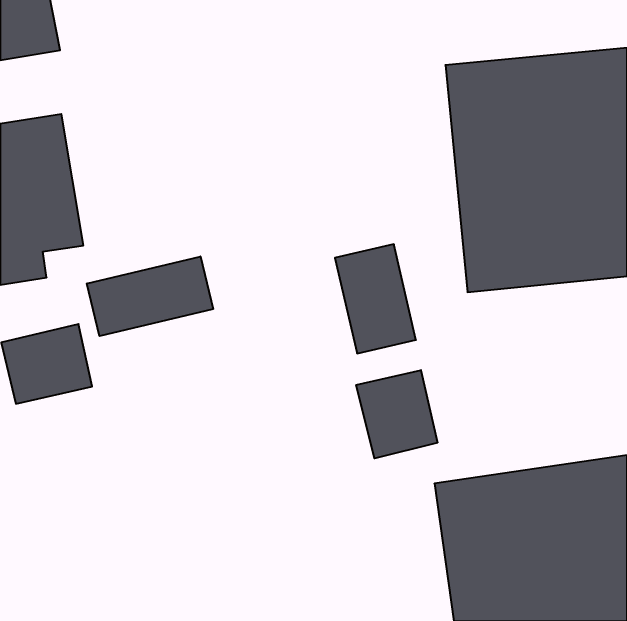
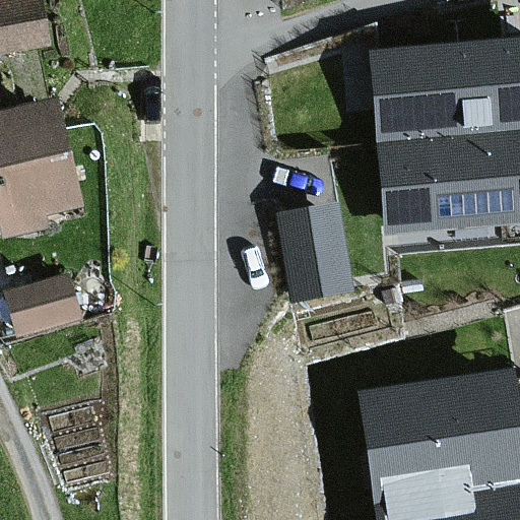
building: [87,256,213,336] -> none
building: [356,370,437,458] -> none

